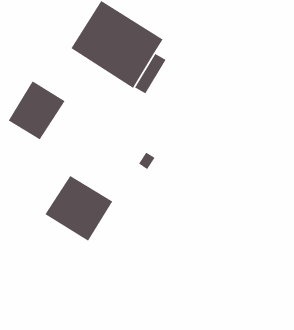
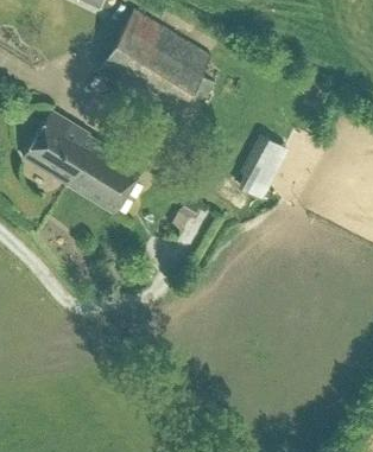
building: none -> [236,133,286,197]
building: [45,175,113,242] -> [61,133,144,214]

